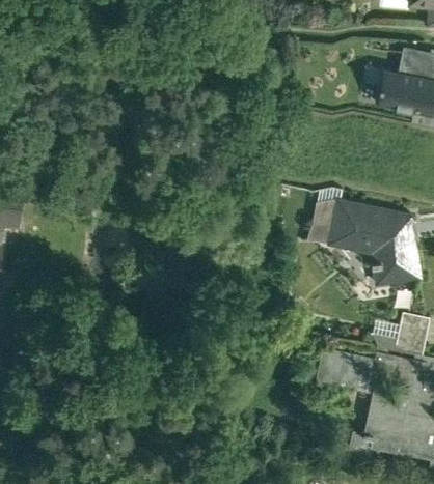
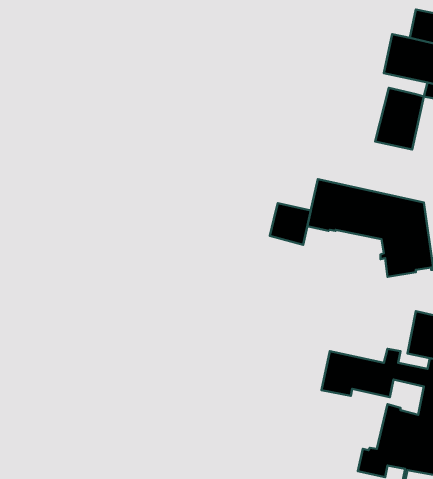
building: none -> [375,88,424,149]
building: none -> [270,203,311,245]

